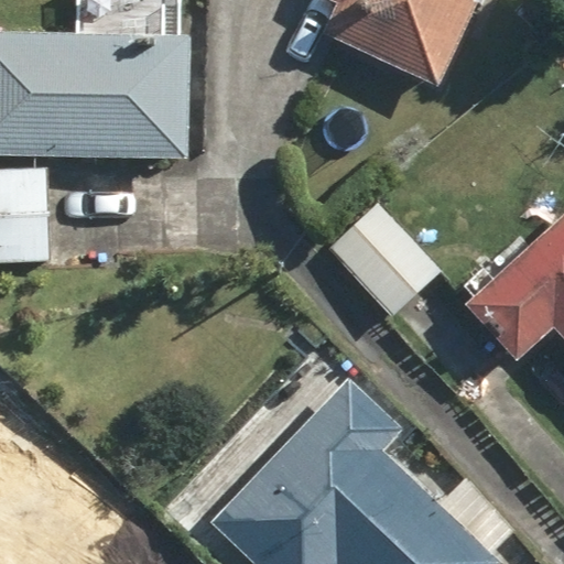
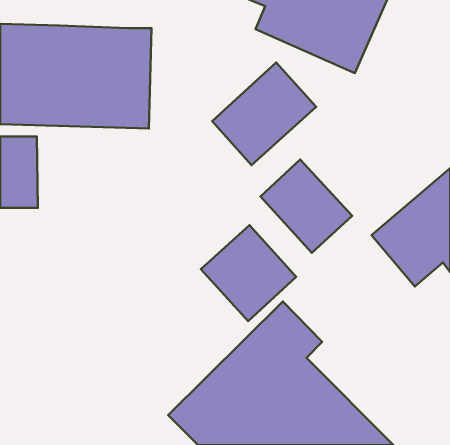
building: none -> [212,63,316,165]
building: none -> [201,225,296,321]

